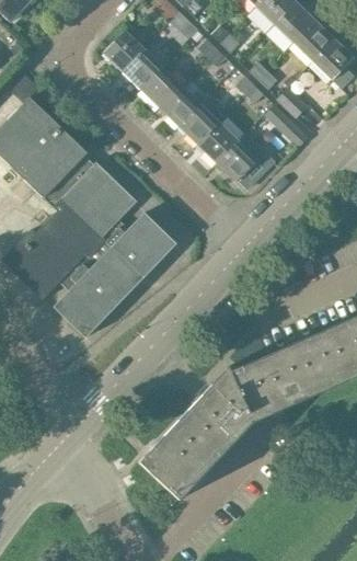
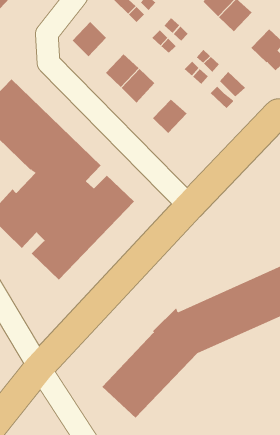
building: [293,20,335,61] -> none
building: [122,49,163,91] -> none
building: [178,103,219,145] -> none
building: [217,135,273,191] -> none

